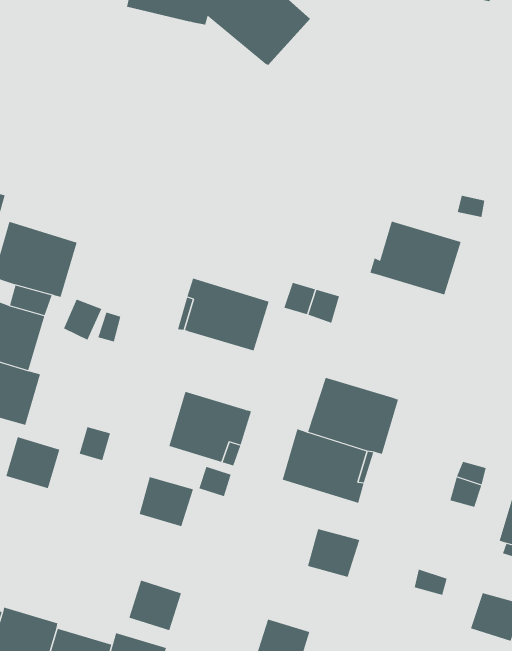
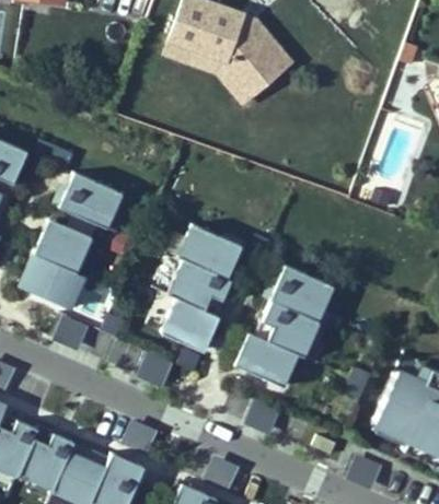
building: none -> [165,39,258,103]
building: [370,221,462,295] -> [266,266,330,319]
building: none -> [169,259,232,316]

